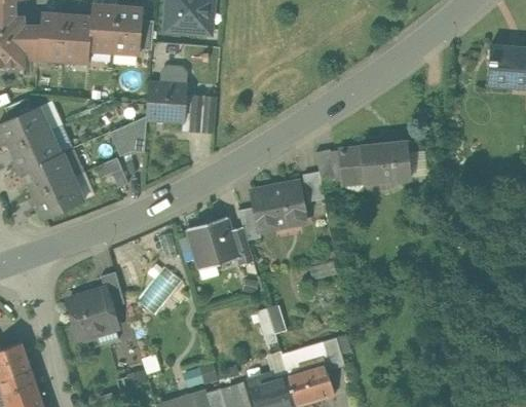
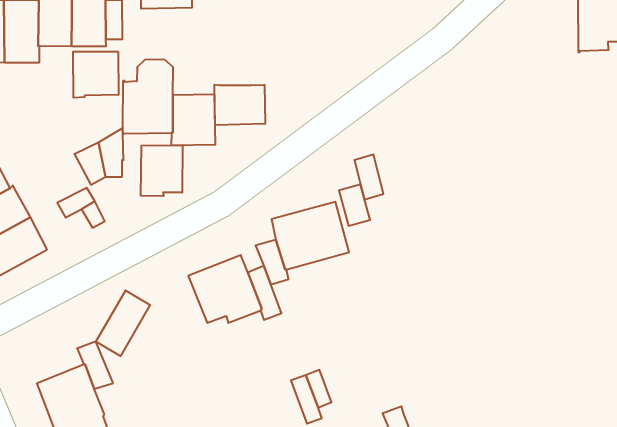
building: none -> [73,52,118,98]
building: none -> [214,85,265,125]
building: none -> [141,145,183,196]
building: [339,143,410,184] -> none
building: [138,265,180,313] -> [96,290,150,356]

